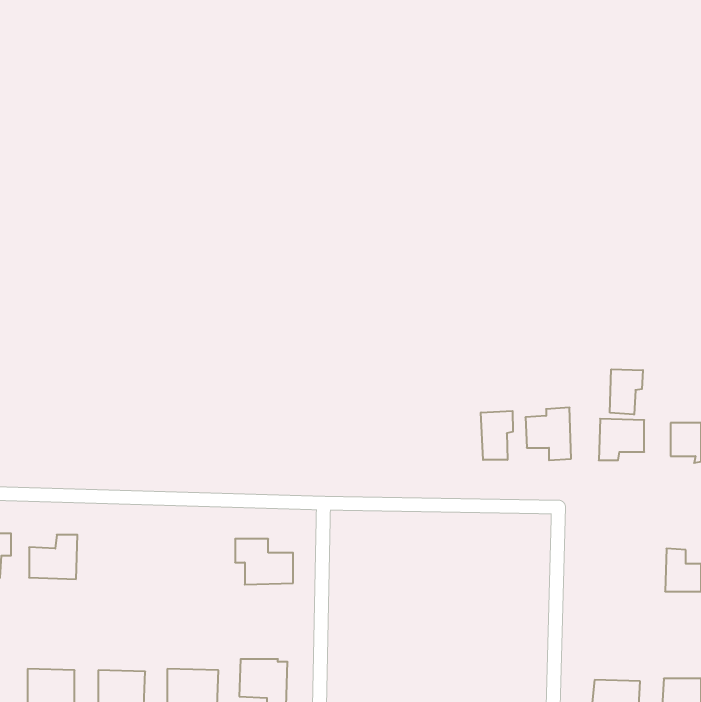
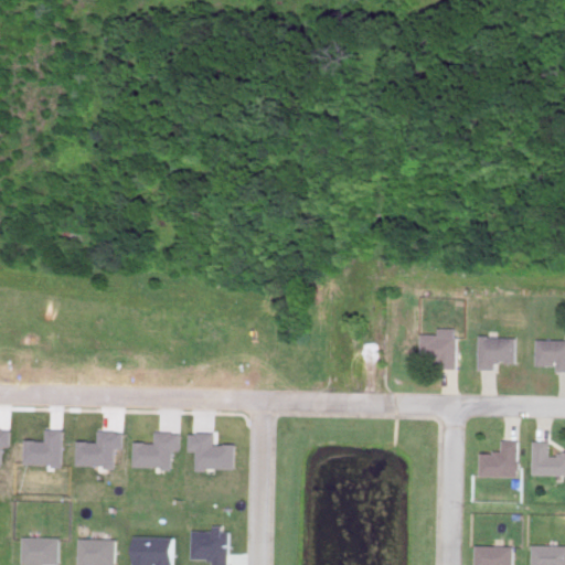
building: [610,369,643,415] -> none
building: [481,411,513,460] -> none
building: none -> [75,431,121,467]
building: none -> [132,433,180,469]
building: none -> [478,440,516,477]

